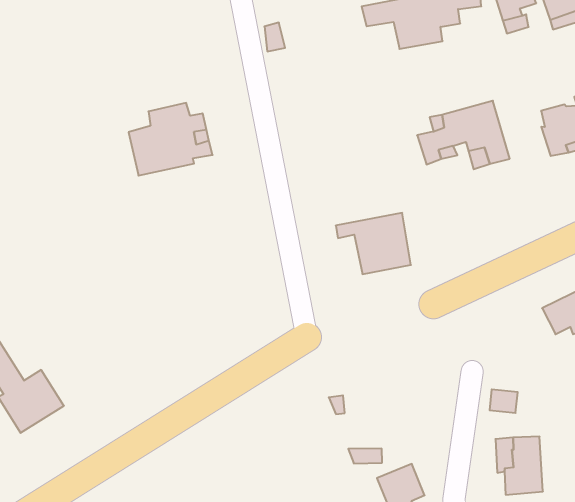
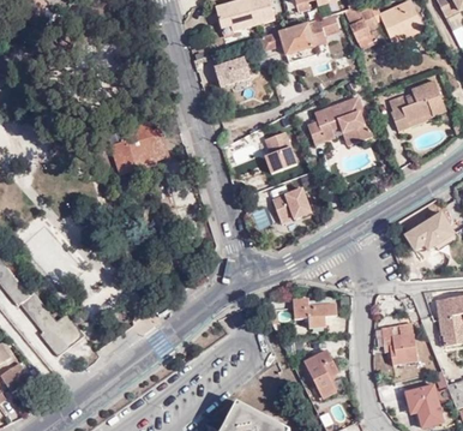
building: none -> [211,53,251,86]
building: none -> [261,128,297,173]
building: none -> [290,294,336,325]

